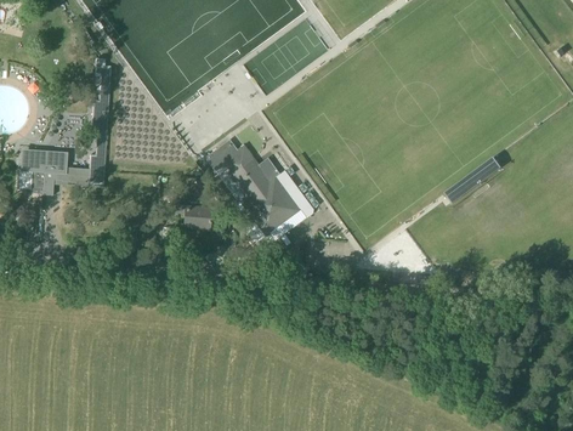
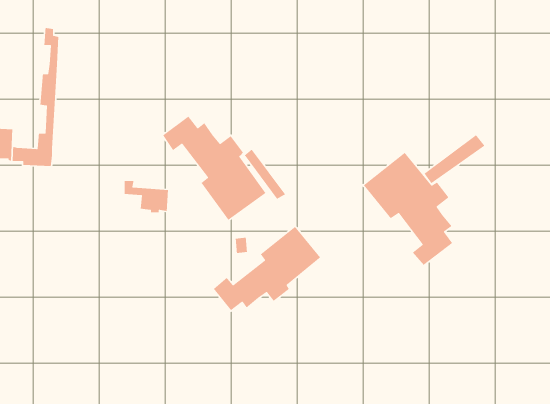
building: none -> [363,152,453,266]
building: none -> [213,226,321,311]

